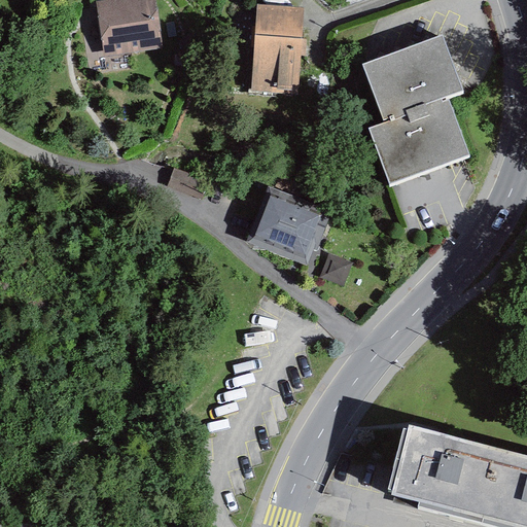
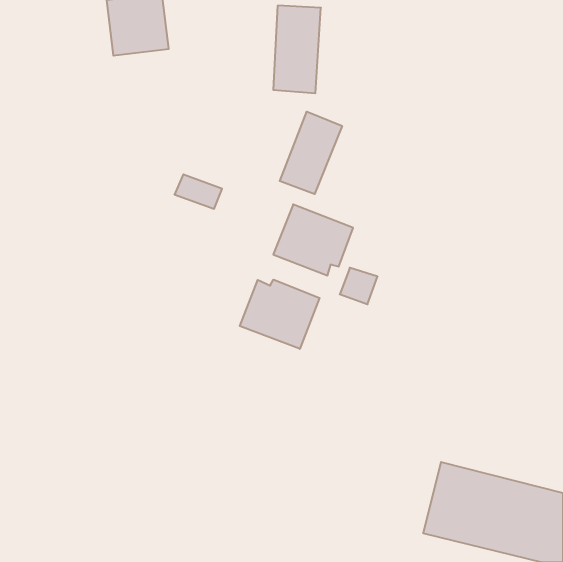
building: [366,41,465,183] -> none
building: none -> [280,112,342,194]
building: none -> [240,280,320,349]

